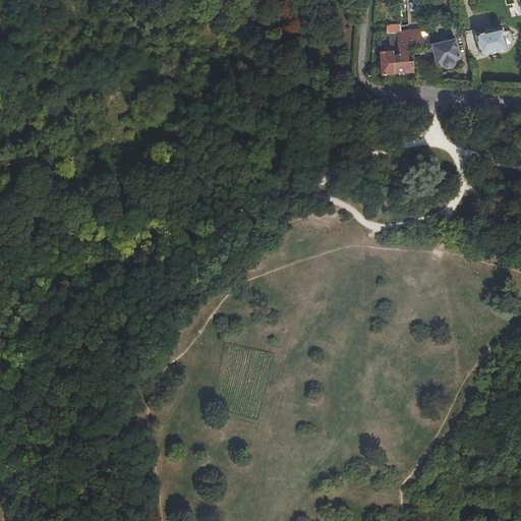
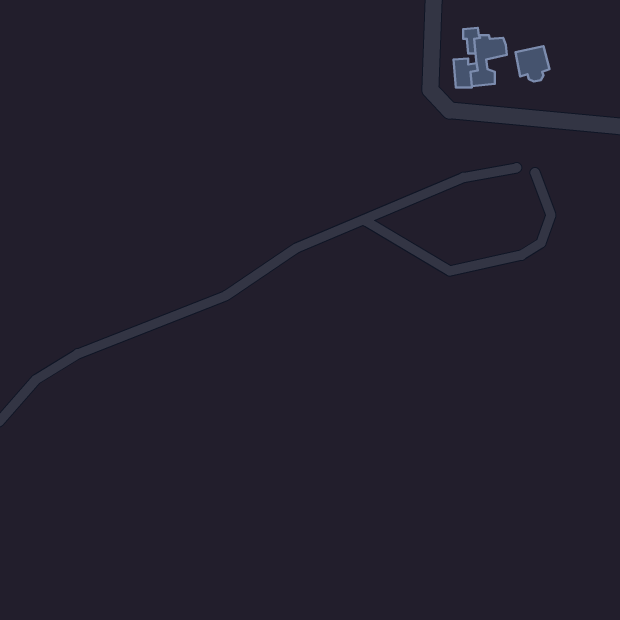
building: [475,25,509,55] -> none

